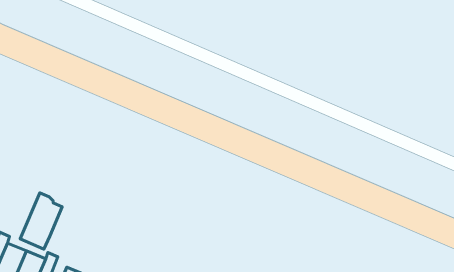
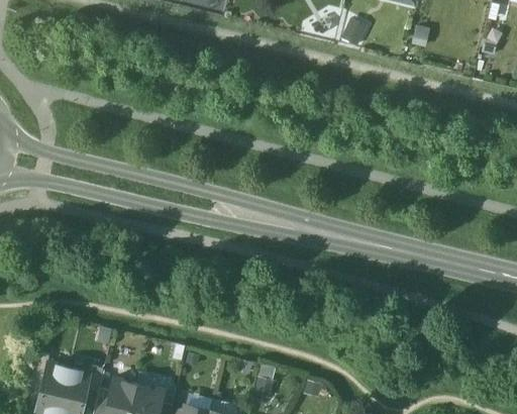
building: [20,193,62,249] -> none

